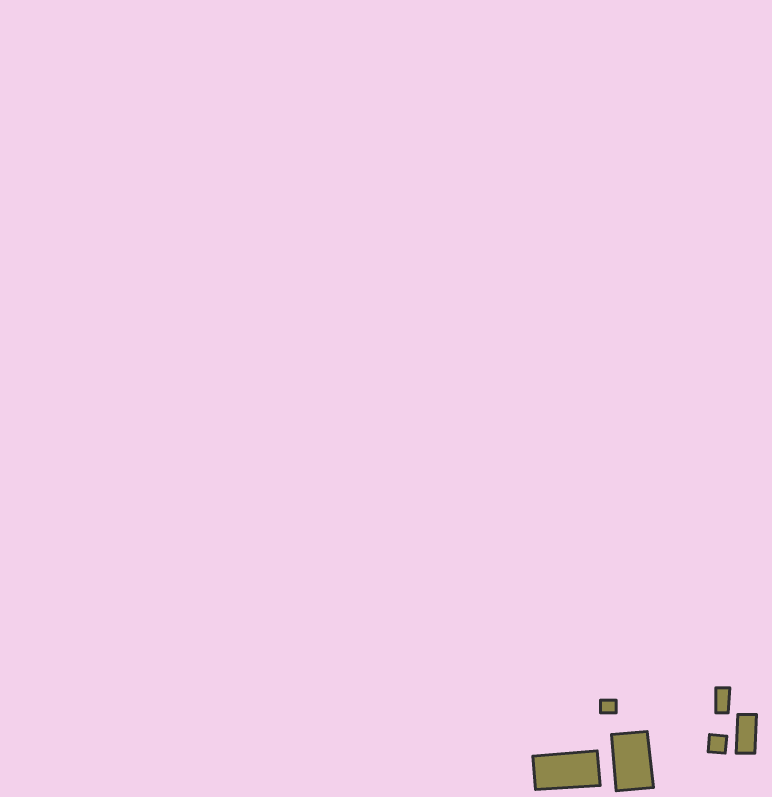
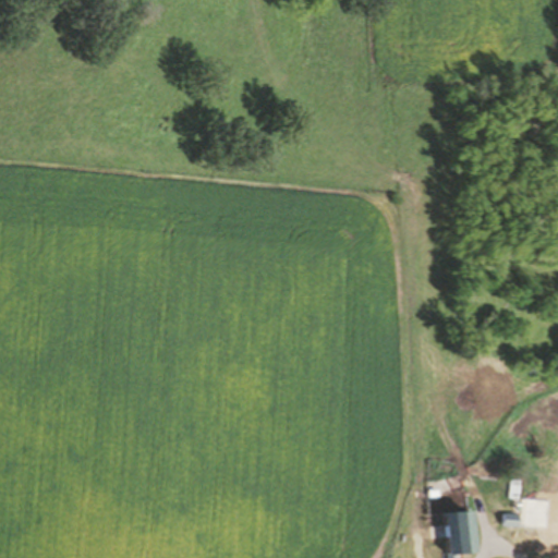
building: [533,751,600,789] -> none

